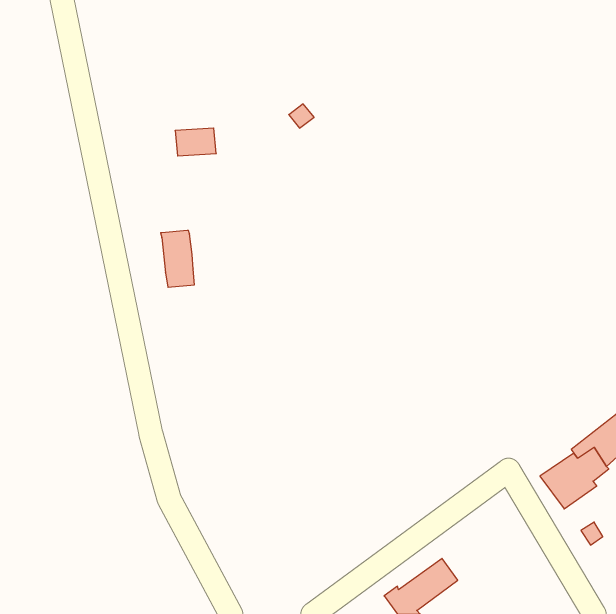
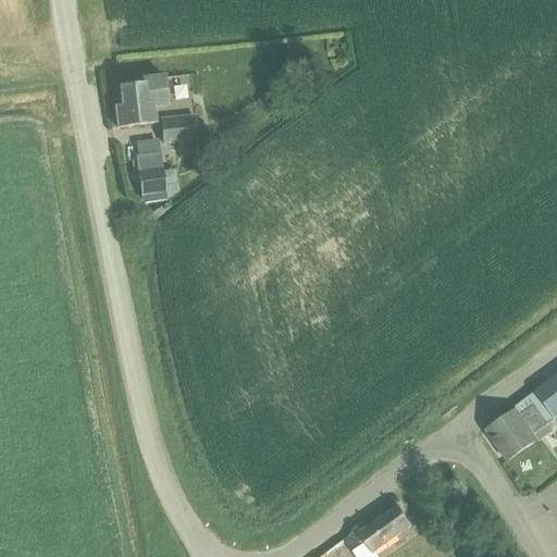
building: none -> [114,75,166,123]
building: [161,230,194,287] -> [136,150,166,201]

